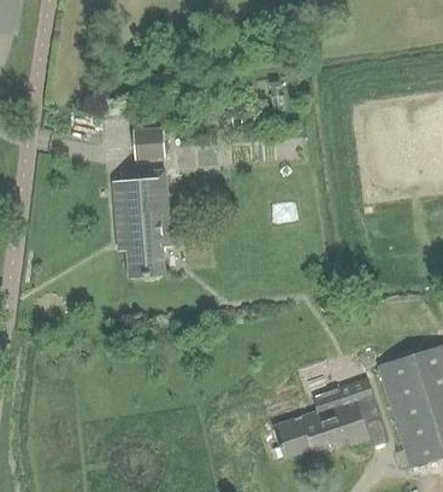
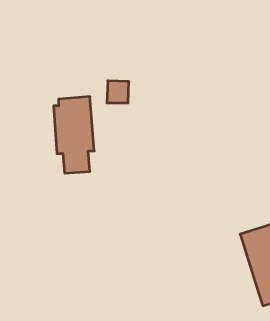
building: [131,125,163,157] -> [107,81,129,103]
building: [273,377,379,458] -> none

